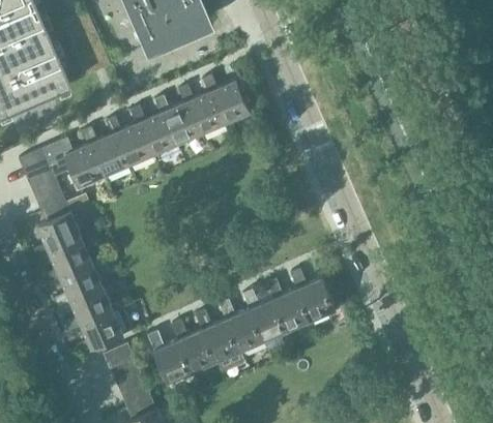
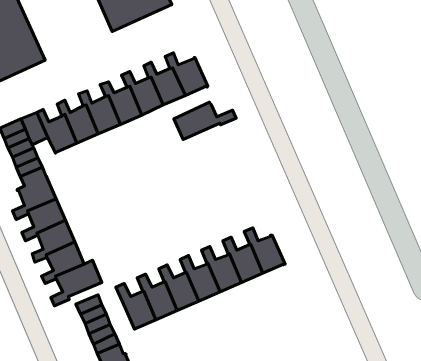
building: none -> [174,102,236,139]

